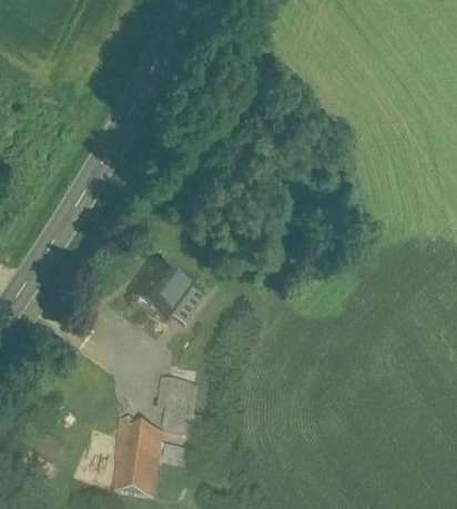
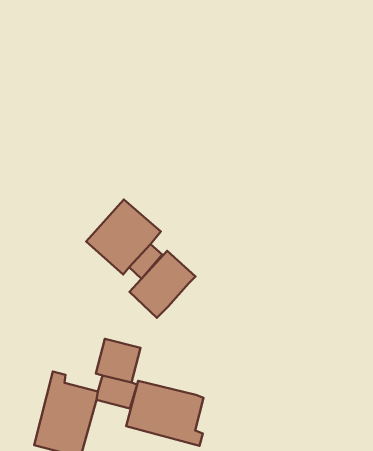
building: none -> [130,251,195,318]
building: none -> [126,381,204,446]

